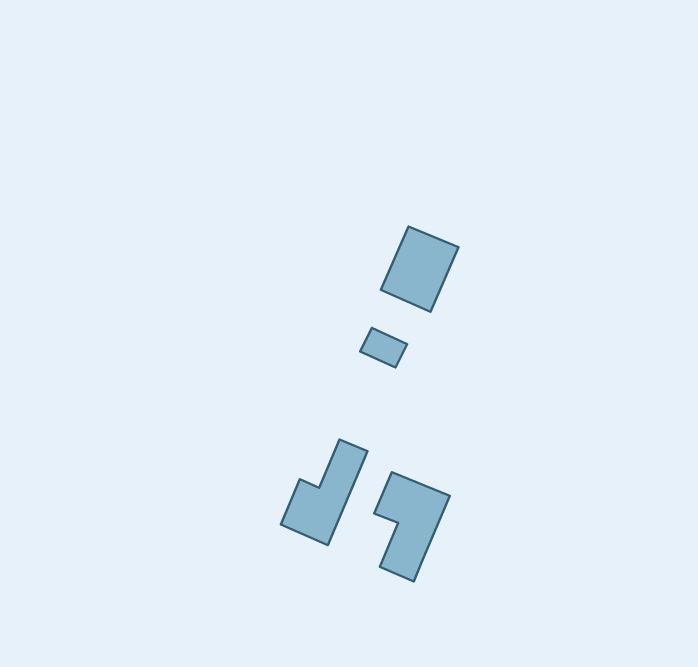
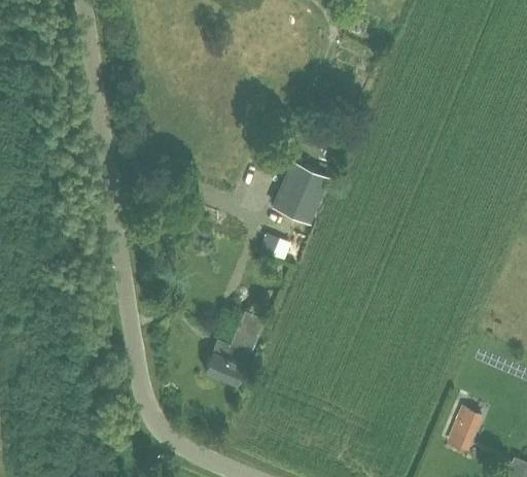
building: [374,472,450,581] -> none
building: none -> [451,410,480,450]

